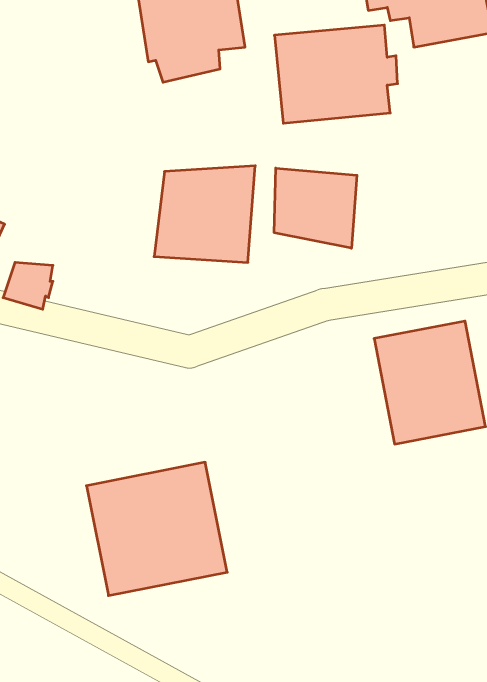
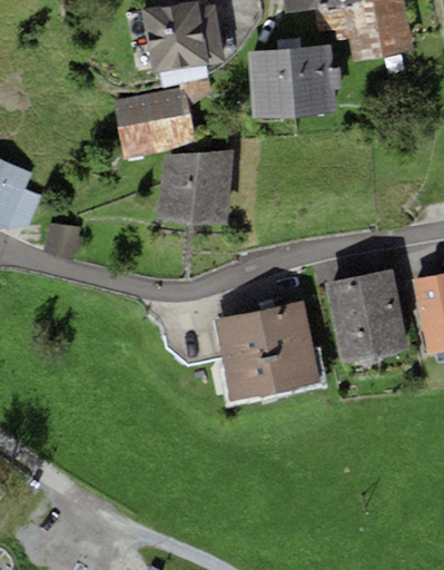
building: none -> [114,78,214,157]
building: [274,168,357,248] -> none
building: [86,462,227,596] -> [215,299,322,401]

